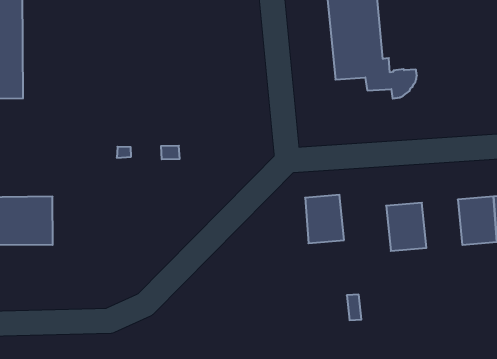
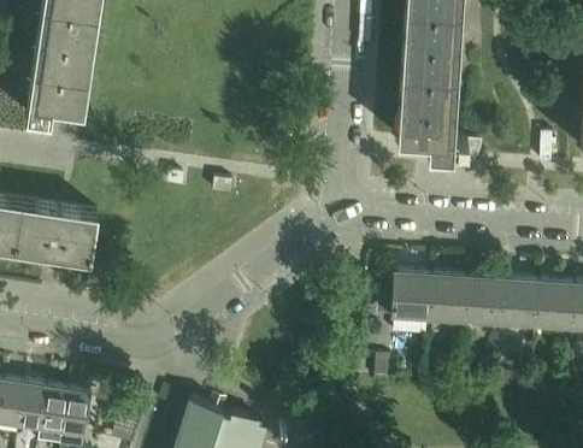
building: [305,195,344,243] -> [390,272,429,320]
building: none -> [463,277,501,325]

